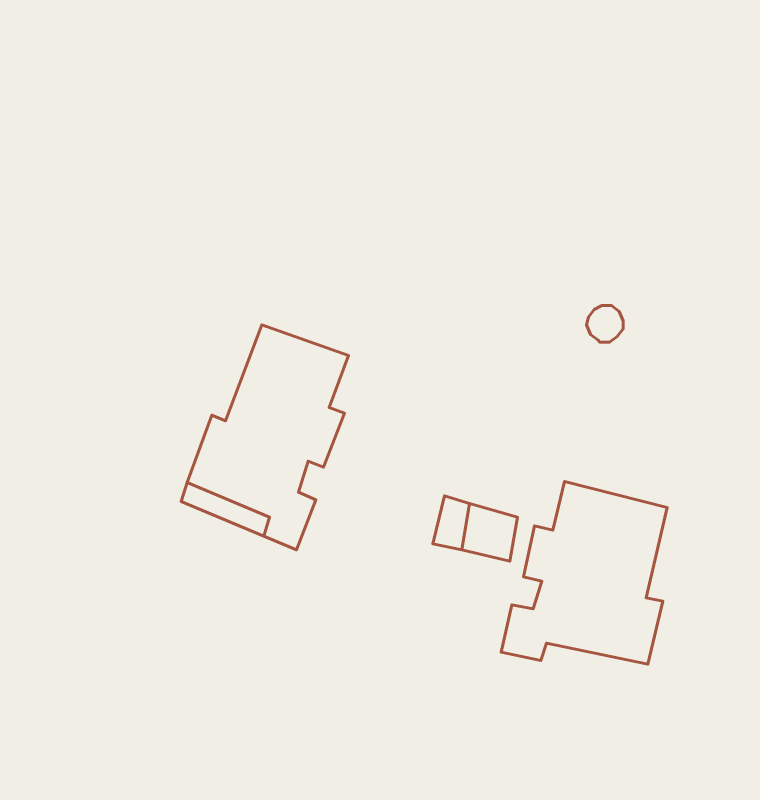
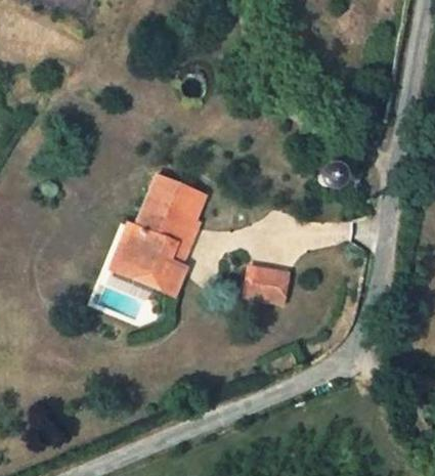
building: [501,482,667,664] -> none

